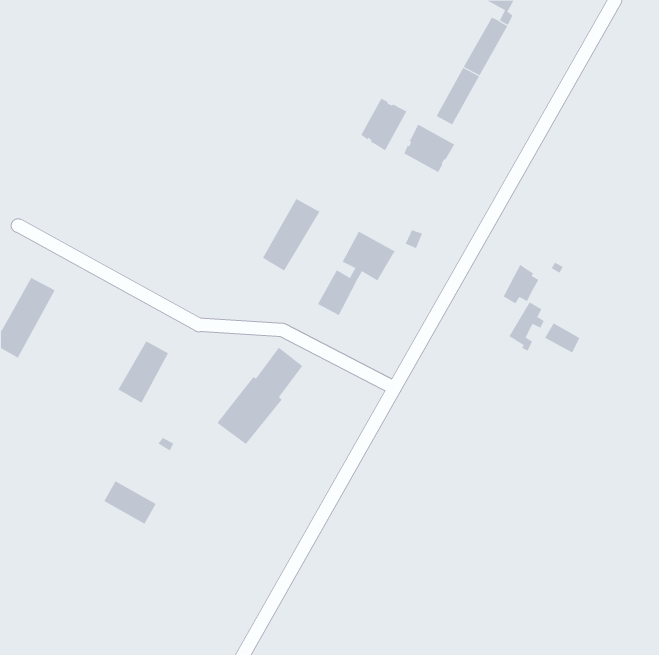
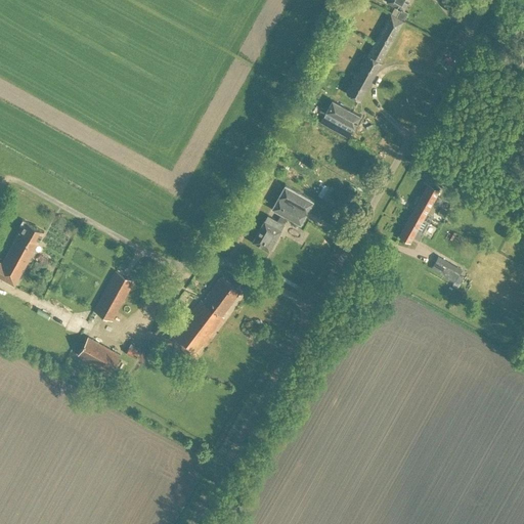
building: [361,98,407,151] -> none
building: [262,198,320,271] -> none
building: [508,301,545,352] -> [412,185,441,225]
building: [104,481,156,524] -> [78,340,120,375]

